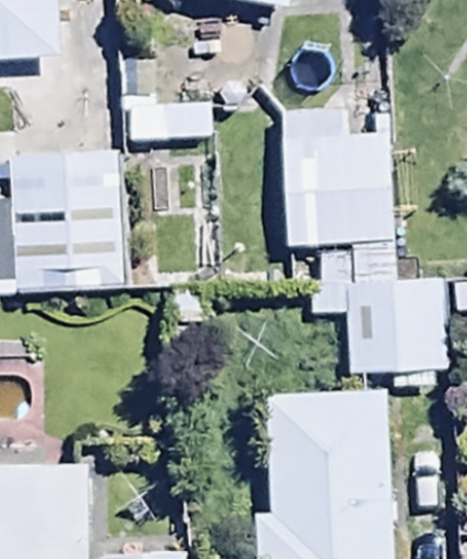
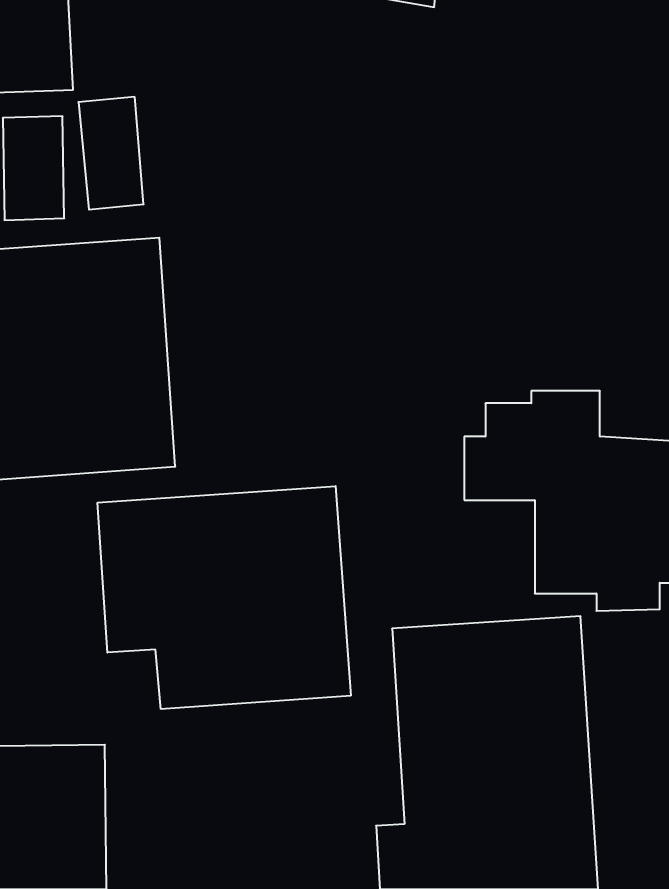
building: [282,107,397,245] -> none
building: none -> [98,486,351,709]

